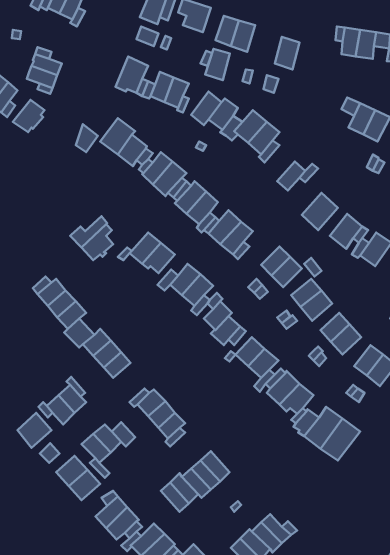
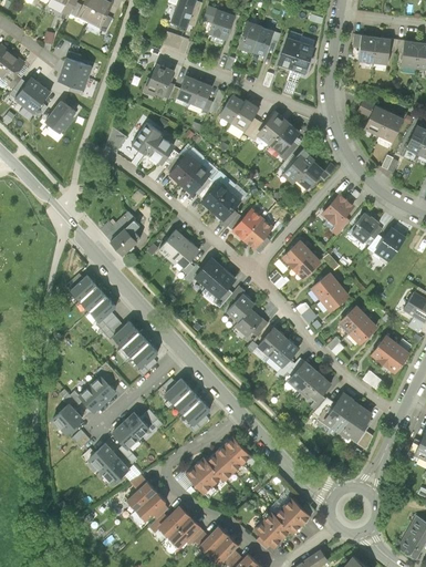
building: [205,49,230,80] -> [278,38,301,68]
building: none -> [281,147,314,184]

